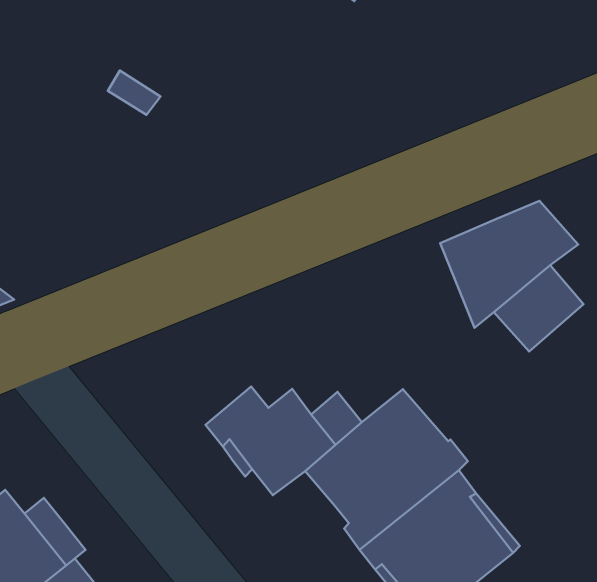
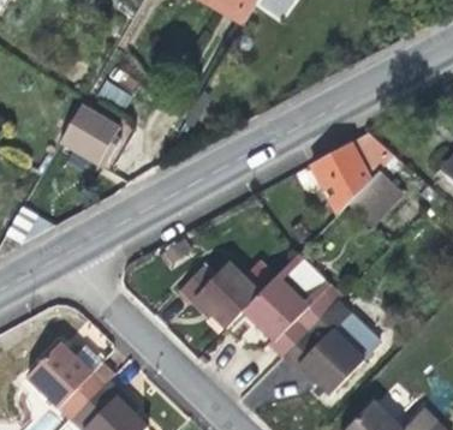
building: none -> [59,104,120,168]

